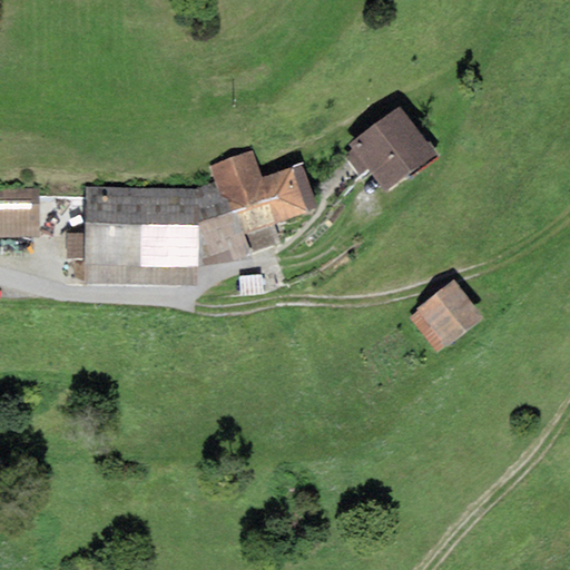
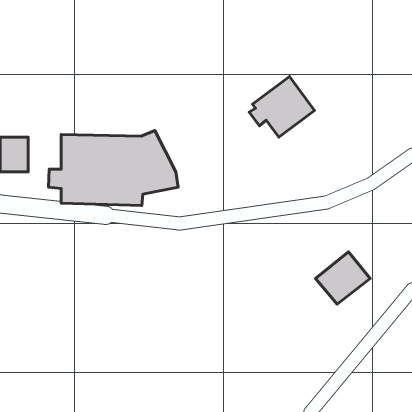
building: [208,151,316,237] -> none
building: [407,281,483,353] -> [315,252,370,304]

